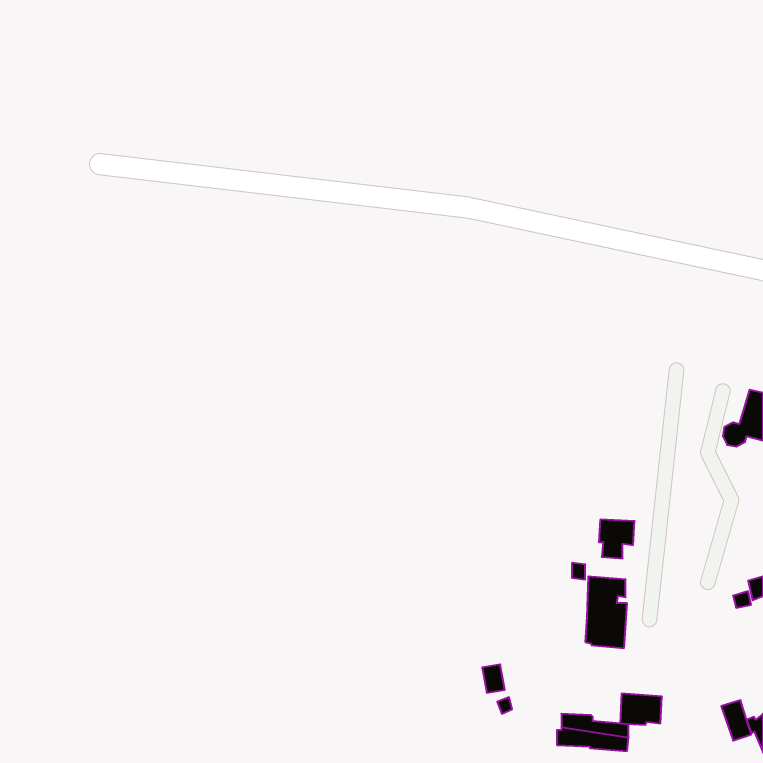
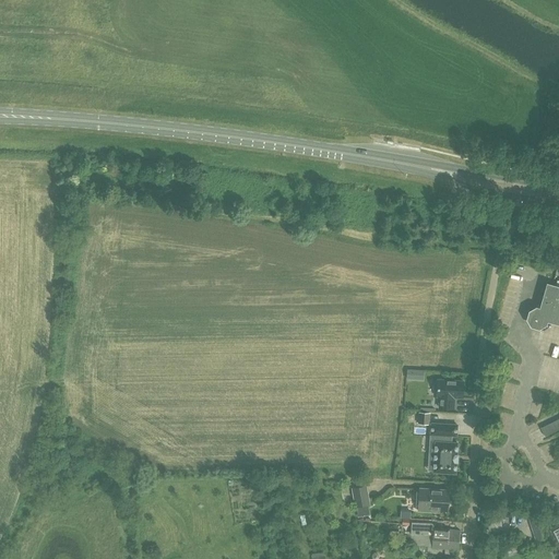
building: [620,694,662,725] -> [418,488,449,511]

